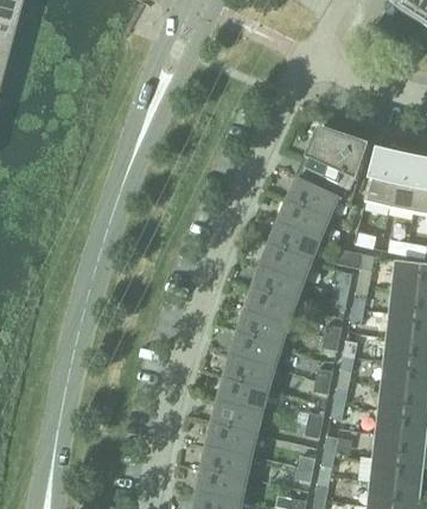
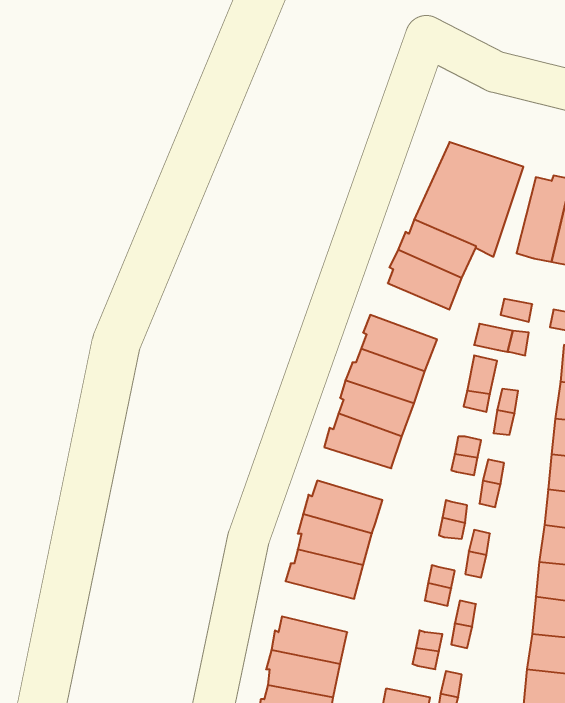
building: [267,221,320,259] -> none
building: [231,331,281,367] -> none
building: [208,421,256,456] -> none

